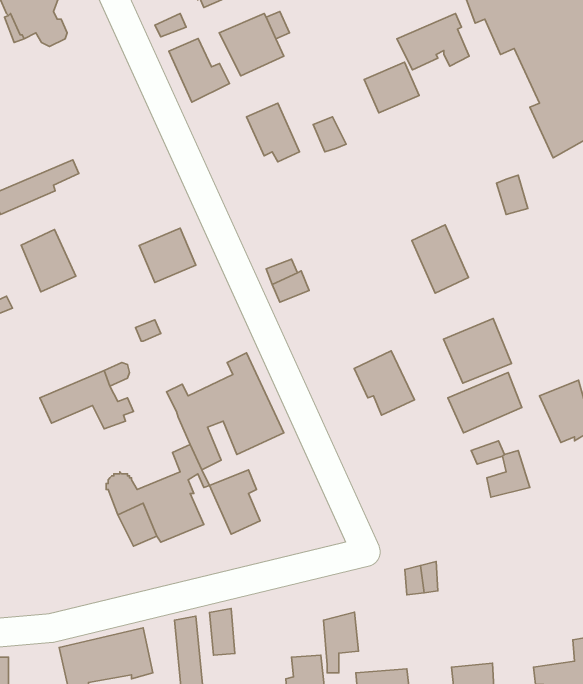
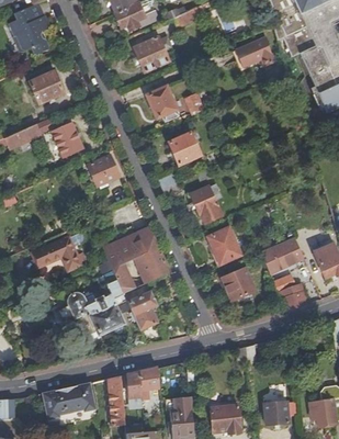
building: [169,38,229,102] -> none
building: [364,62,419,113] -> none
building: none -> [30,70,63,103]
building: none -> [169,131,201,164]
building: [412,225,468,293] -> [191,184,223,223]
building: [21,229,76,292] -> [52,122,82,157]
building: [443,318,511,383] -> none
building: none -> [223,267,257,300]
building: [323,612,359,673] -> [139,365,159,399]

